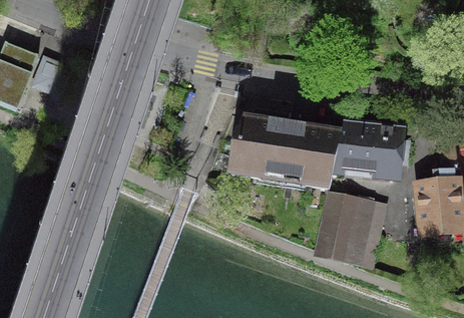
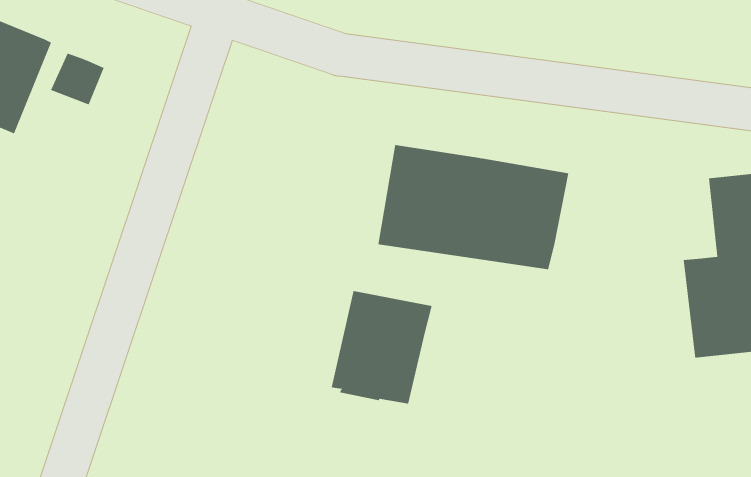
building: [335,119,408,179] -> none
building: [314,191,374,258] -> [331,291,432,404]

